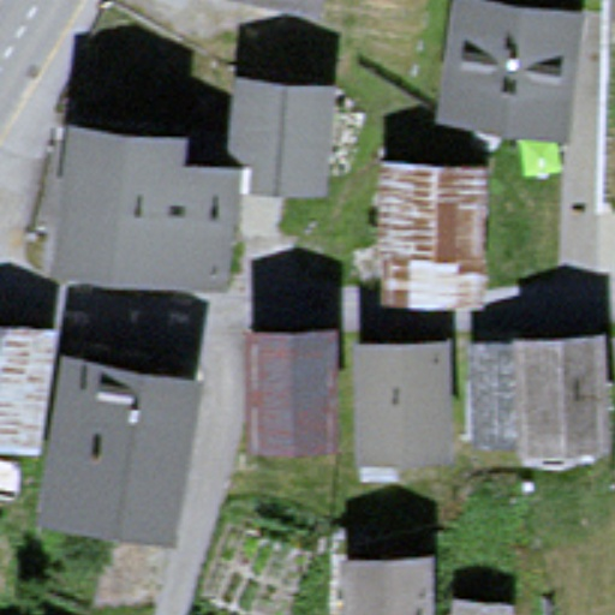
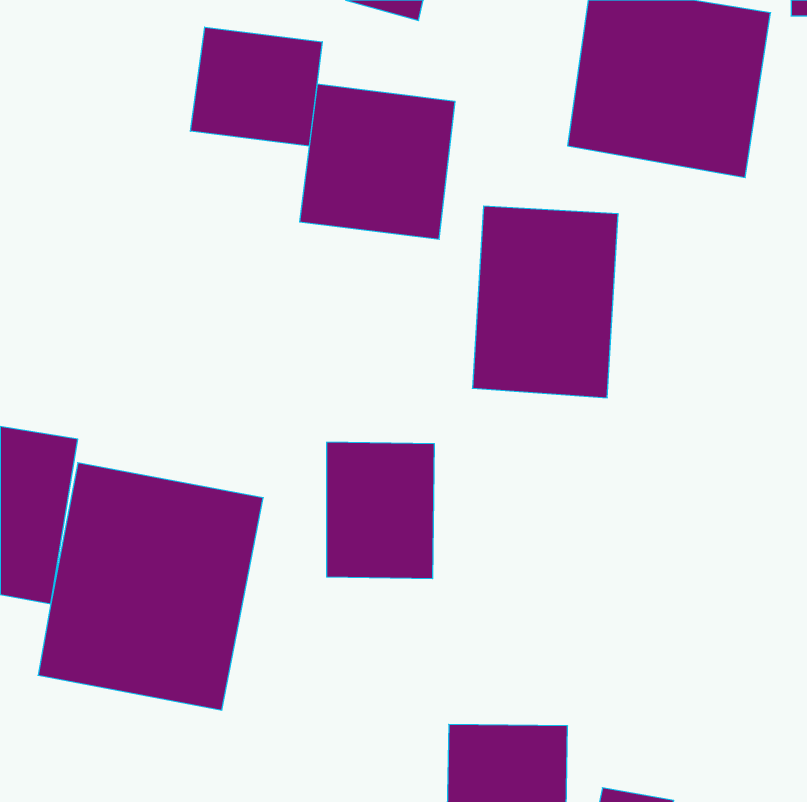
building: none -> [190,27,322,146]
building: [56,132,239,293] -> none
building: [488,344,609,453] -> none
building: [359,347,458,464] -> none

